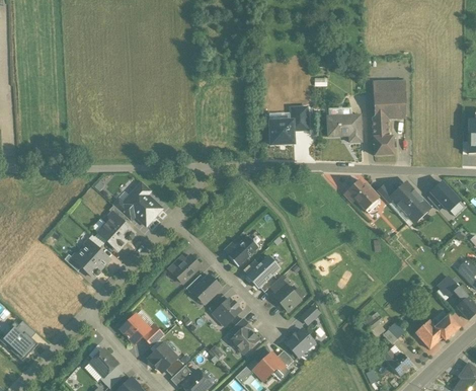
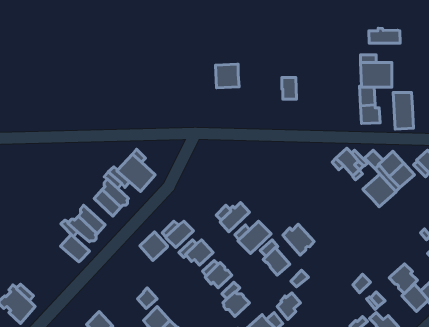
building: none -> [369,28,400,43]
building: [327,114,362,142] -> none
building: [269,120,294,144] -> [216,64,239,88]
building: none -> [393,92,414,129]
building: none -> [363,174,396,207]
building: none -> [283,224,314,255]
building: none -> [61,235,90,262]
building: none -> [389,264,418,293]
building: [121,314,149,343] -> [140,232,167,260]

